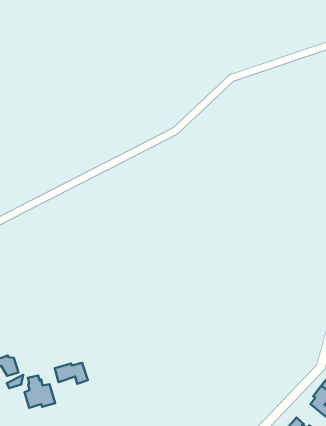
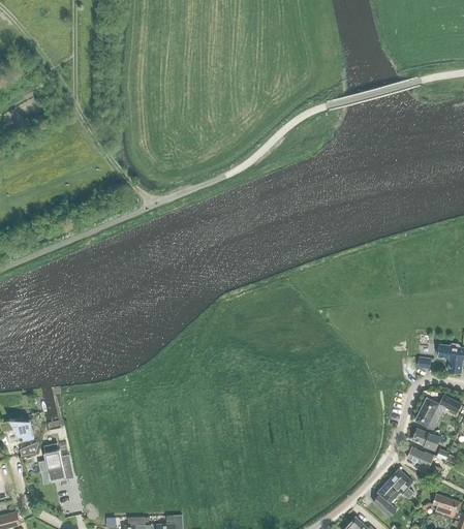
building: [55,363,88,384] -> none

